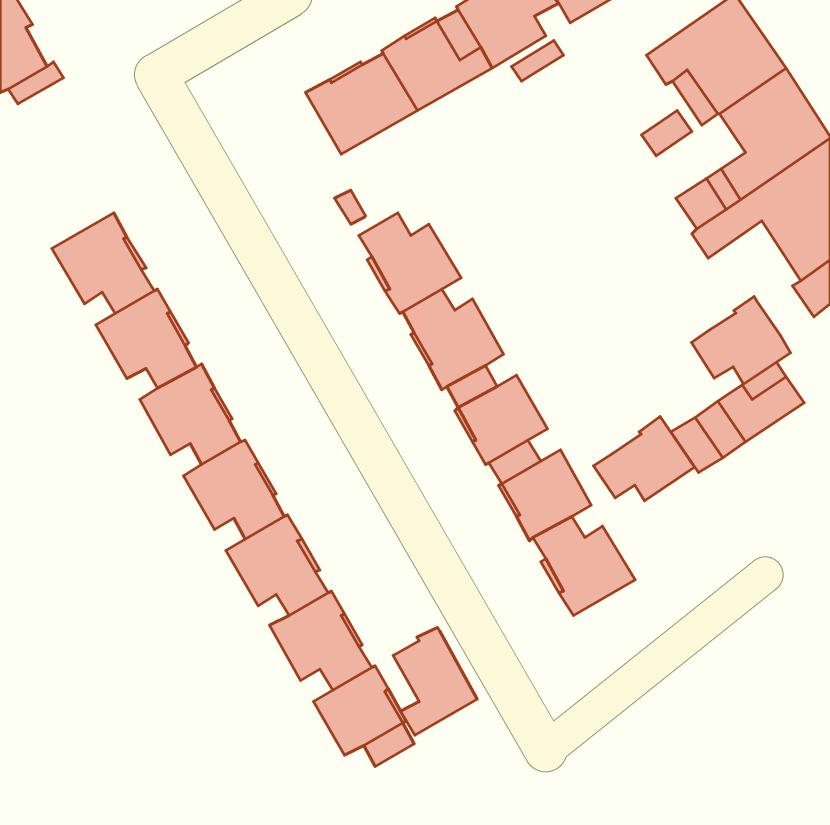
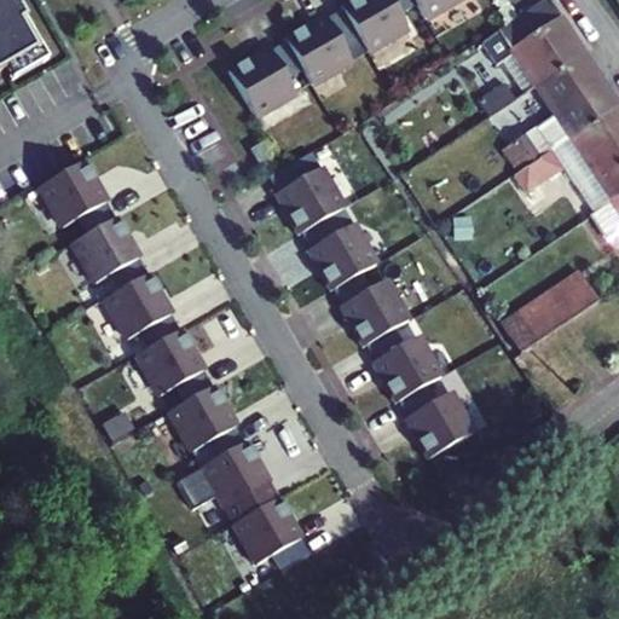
building: [691,296,790,384] -> none
building: [593,416,695,501] -> none
building: [393,628,477,735] -> none

